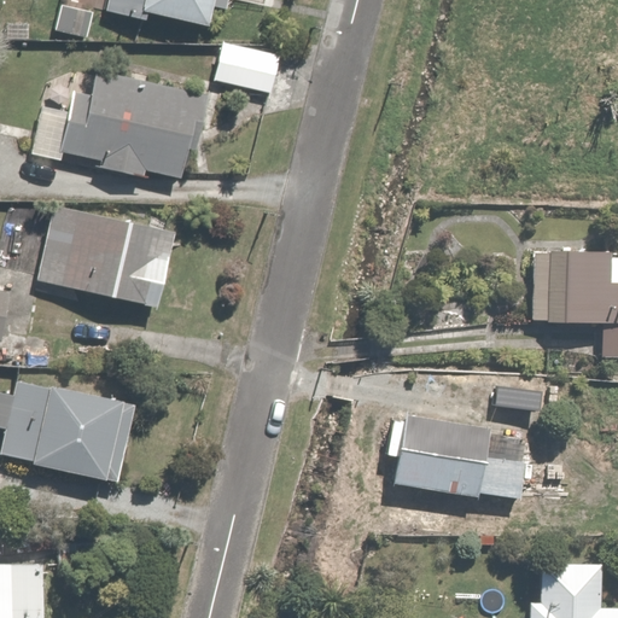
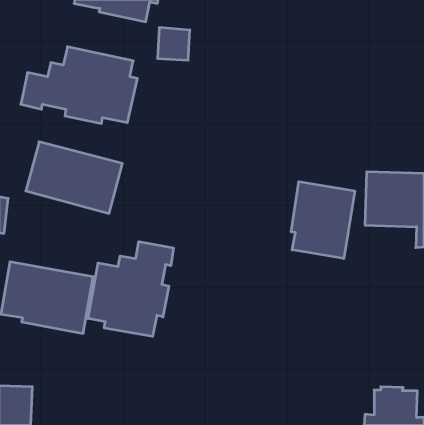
building: none -> [291,182,355,259]
building: none -> [88,242,173,336]
building: [386,416,582,500] -> none

